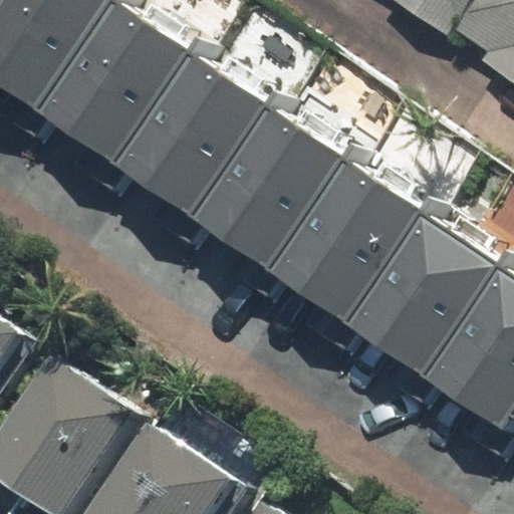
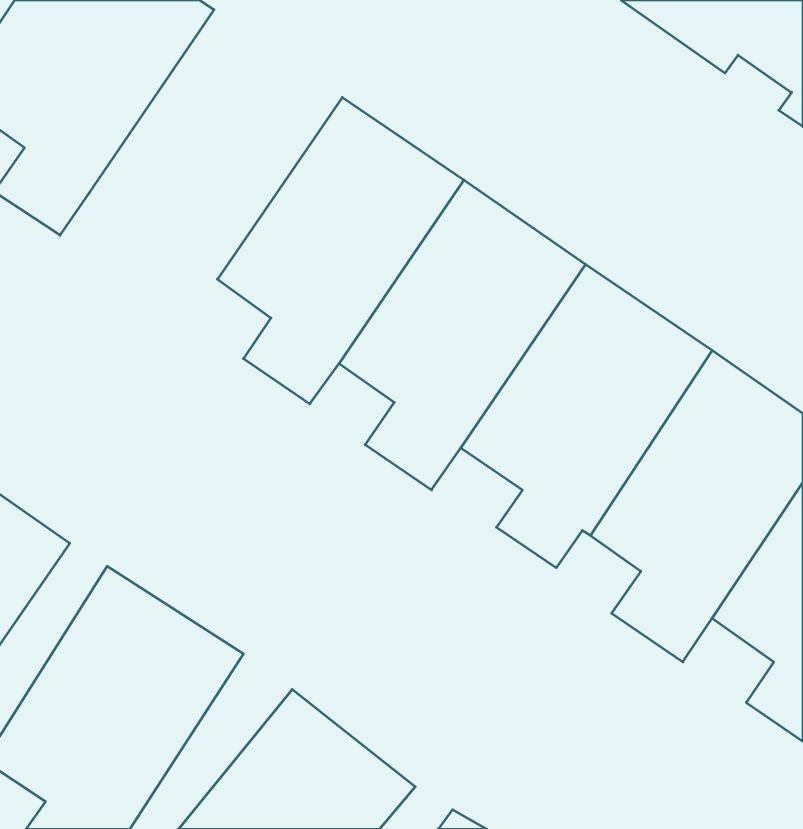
building: [55,6,212,192] -> none

